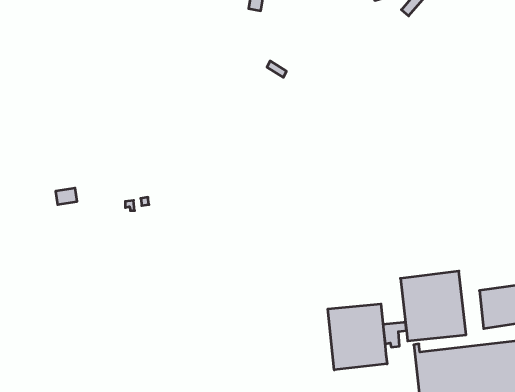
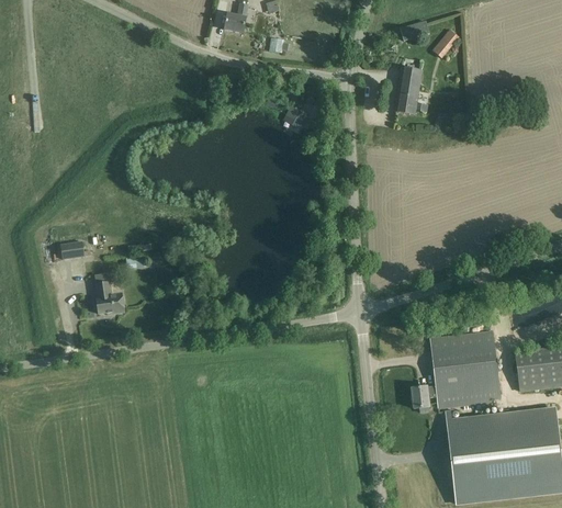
building: none -> [395,67,427,115]
building: none -> [95,282,125,314]
building: [328,304,387,370] -> none

